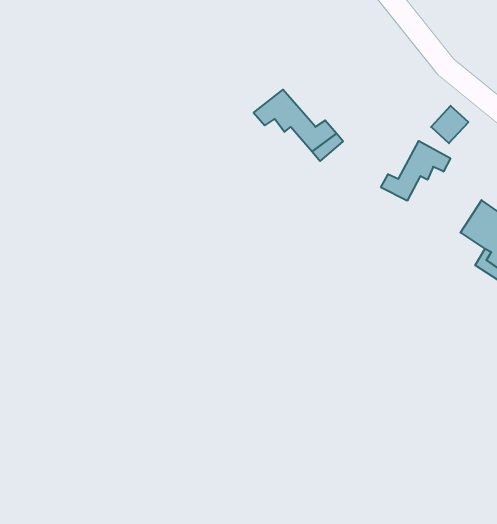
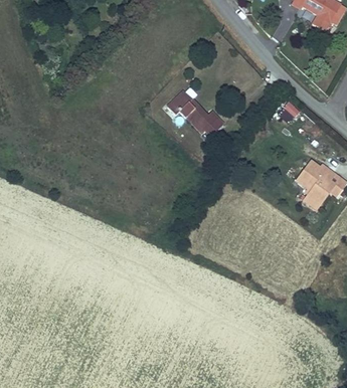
building: [381,141,450,201] -> none

